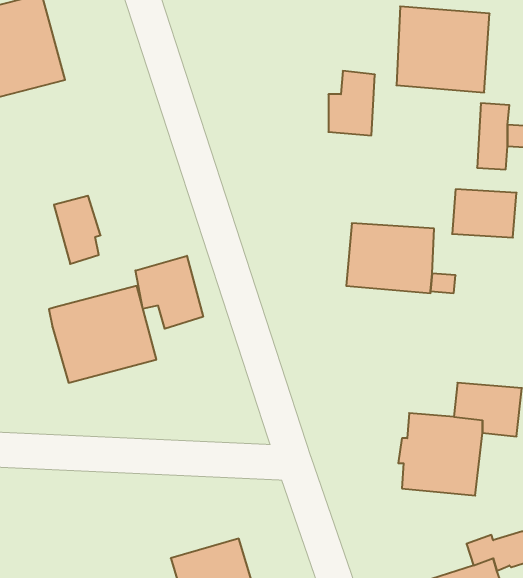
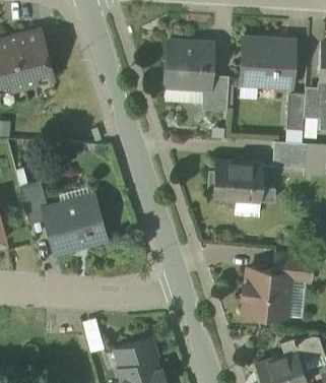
building: none -> [166,42,213,87]
building: [54,196,101,264] -> [21,186,48,225]
building: [135,256,203,329] -> none

